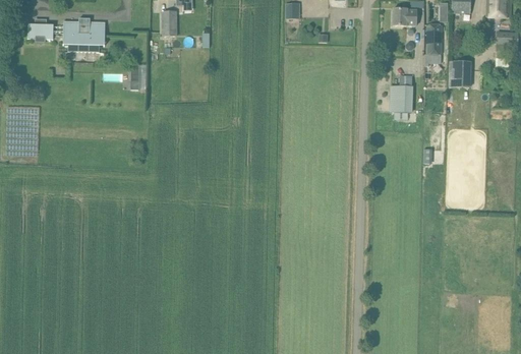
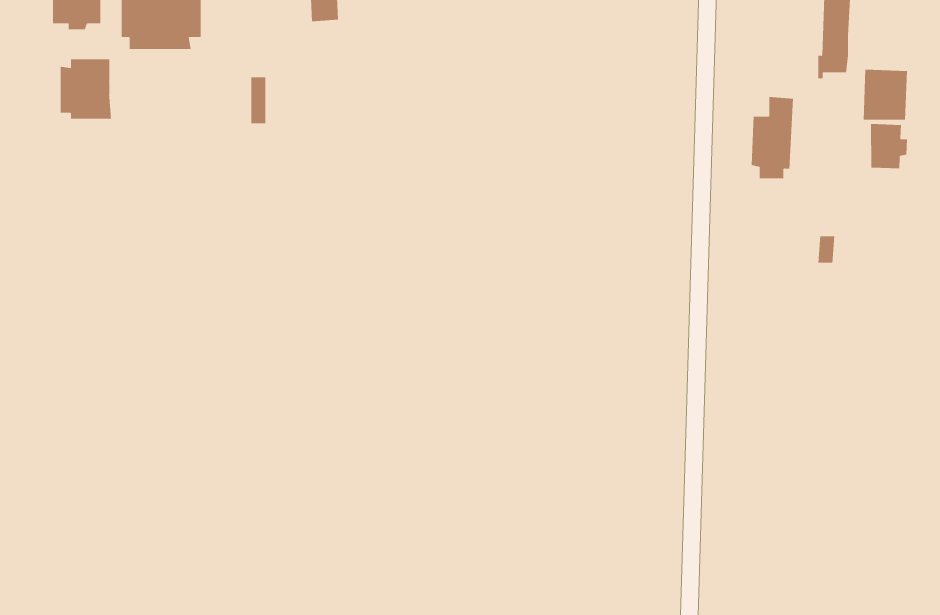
building: none -> [60,58,115,120]
building: none -> [870,123,908,169]

